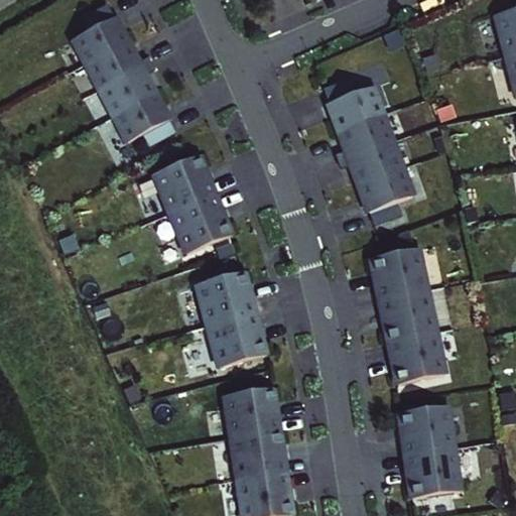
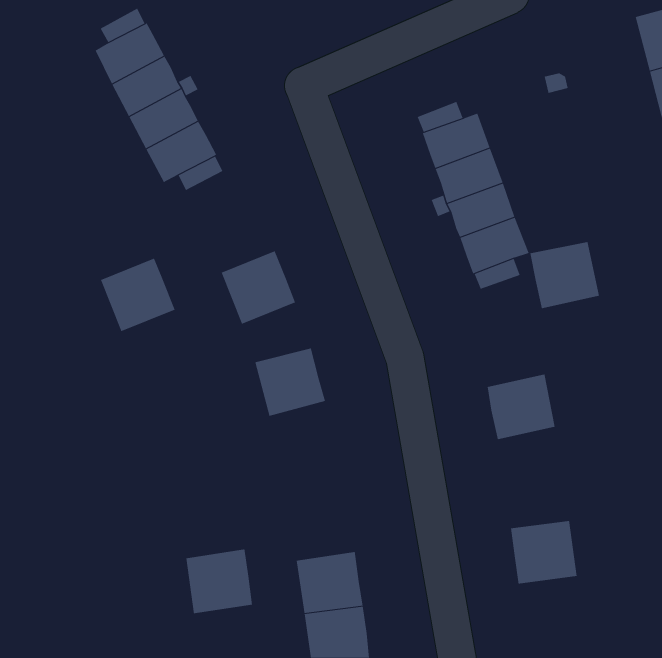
building: [156,154,215,212] -> [100,258,175,332]
building: [370,248,424,300] -> [530,241,600,309]
building: [210,311,265,366] -> none
building: [387,332,441,384] -> none
building: [225,385,277,435] -> [185,549,253,614]
building: [403,447,456,497] -> none

